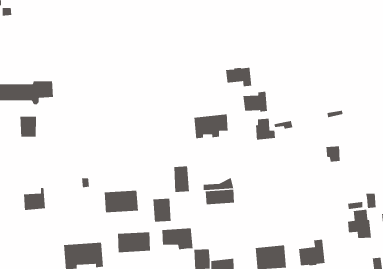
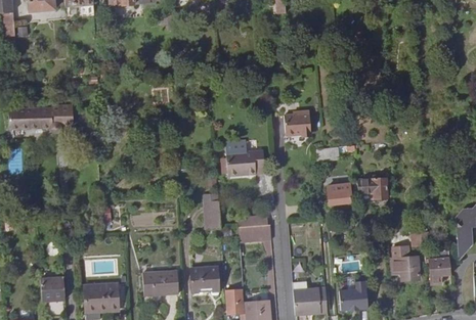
building: [225,67,252,87] -> none
building: [20,116,37,137] -> none
building: [255,118,276,140] -> [326,179,348,203]
building: [23,187,46,211] -> [41,275,66,301]
building: [104,190,139,213] -> none
building: [153,198,172,223] -> none

